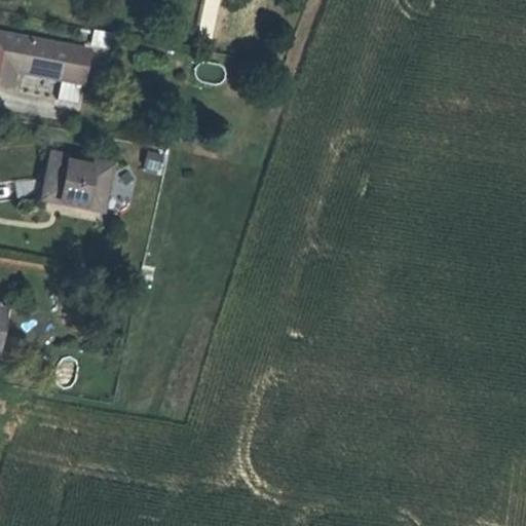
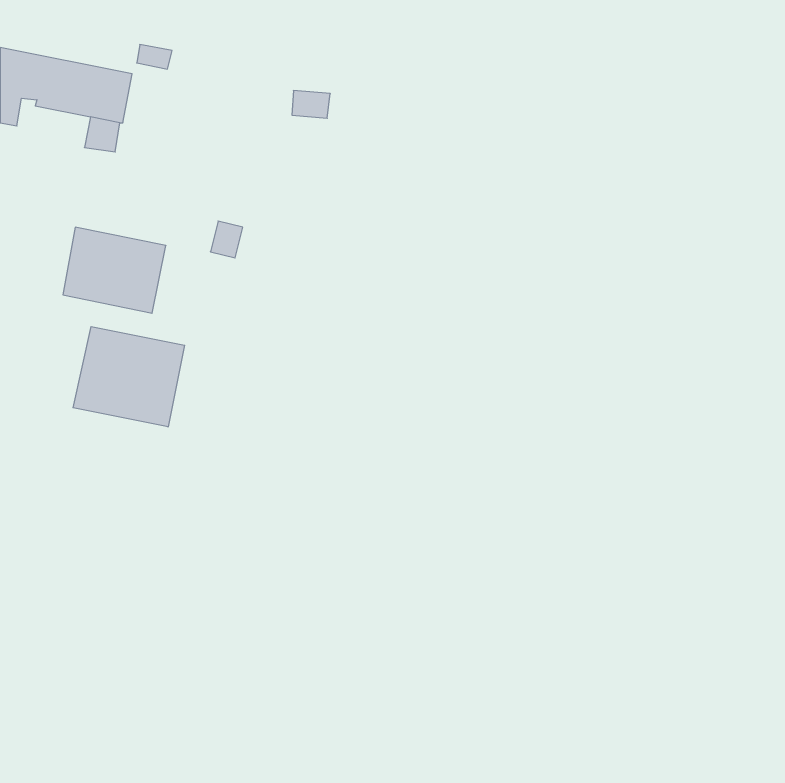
building: none -> [73,327,185,427]

